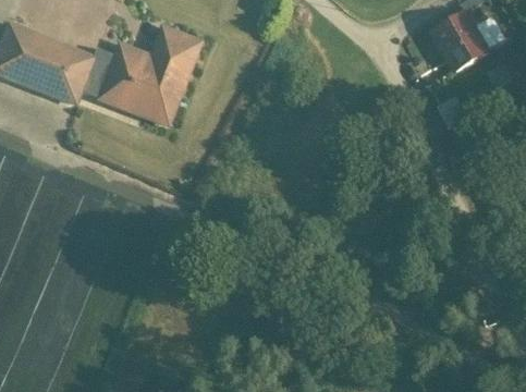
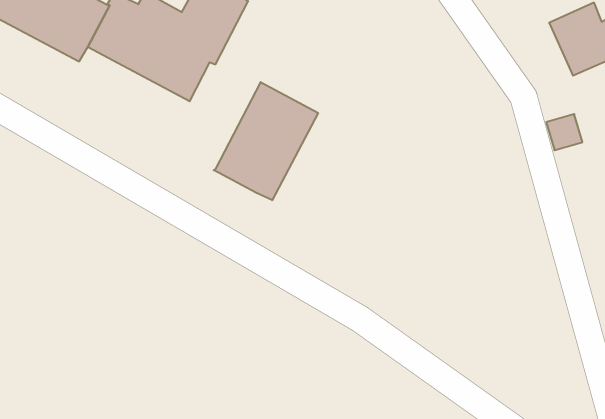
building: none -> [214,82,318,200]

